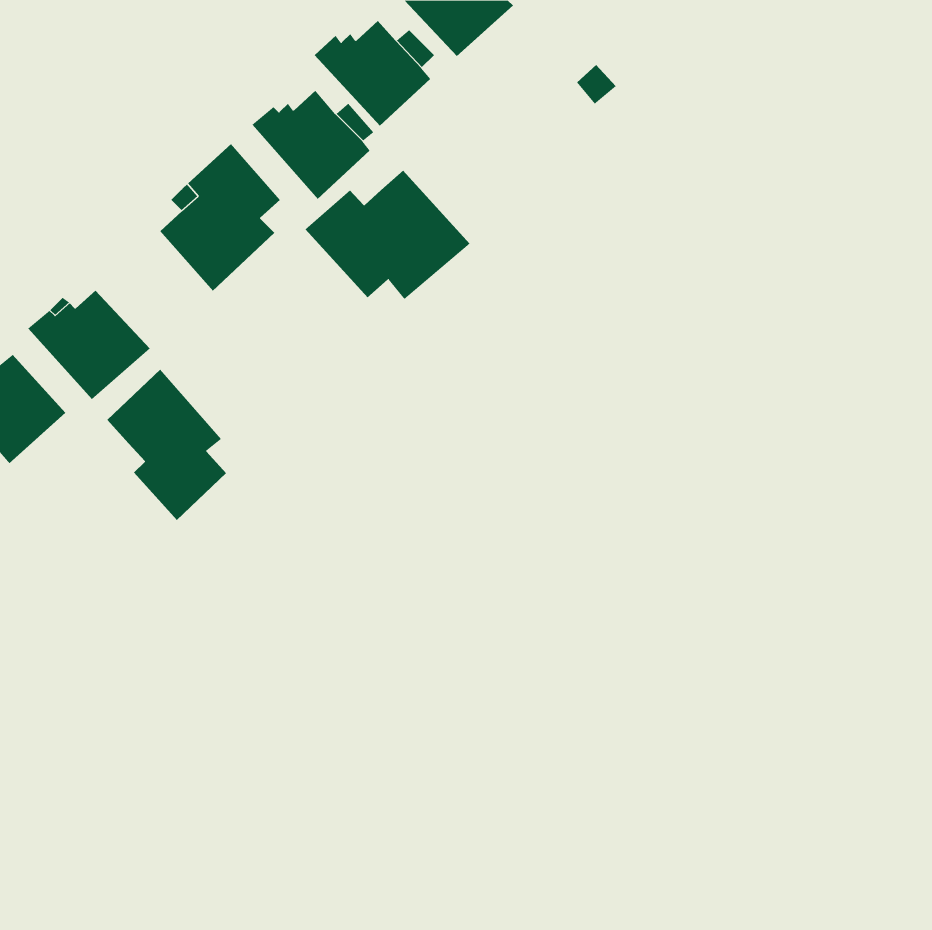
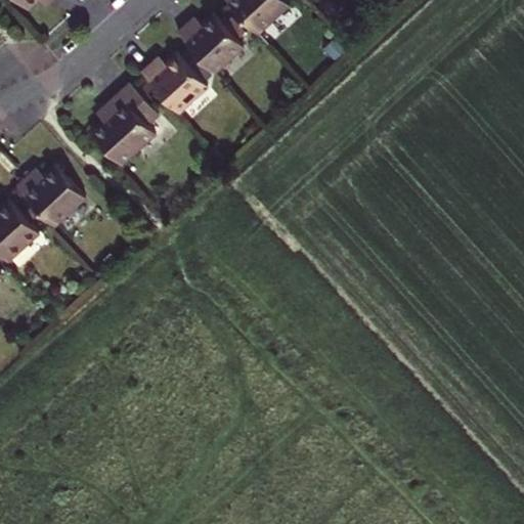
building: [304,170,470,300] -> none
building: [106,369,227,521] -> none

